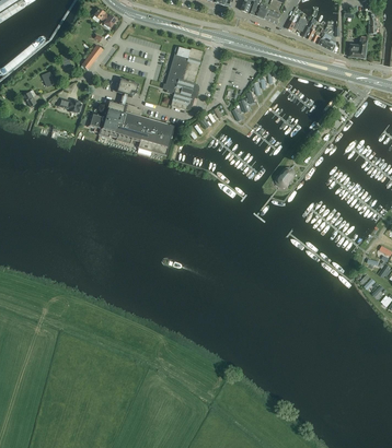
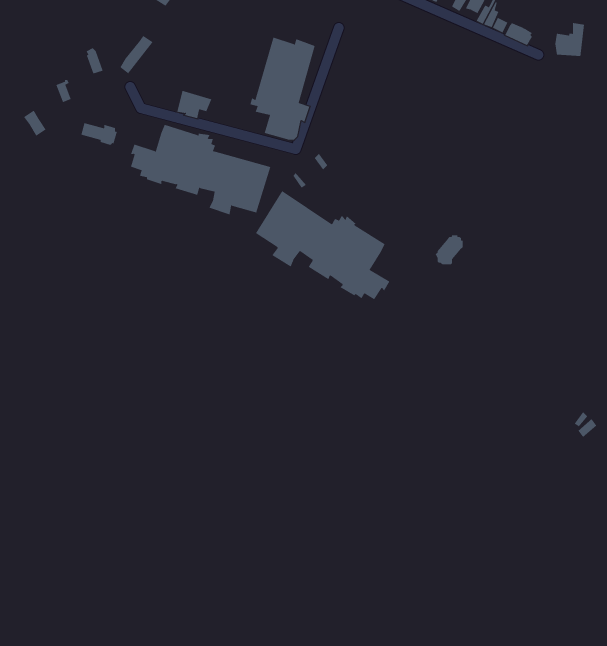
building: none -> [255,190,390,300]

